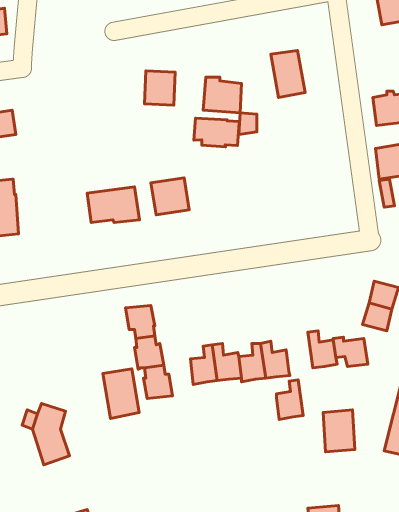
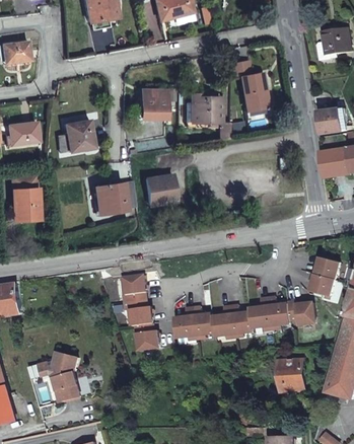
building: none -> [63,119,91,151]
building: [194,118,239,147] -> none
building: [103,369,139,419] -> none
building: [276,380,303,419] -> [252,298,273,329]

